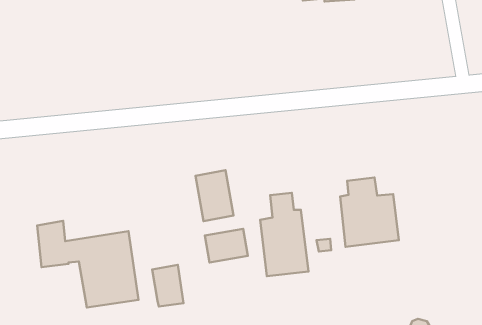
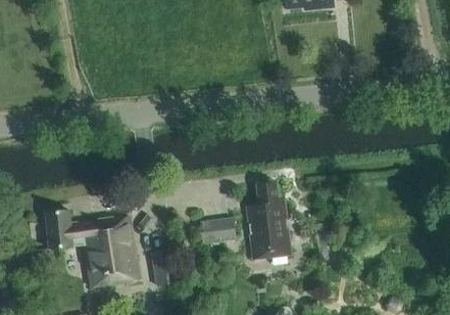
building: [196,170,234,221] -> none
building: [340,177,399,247] -> none

